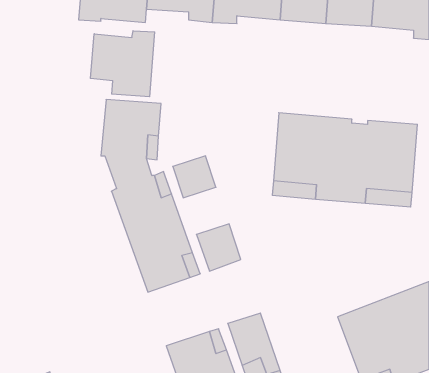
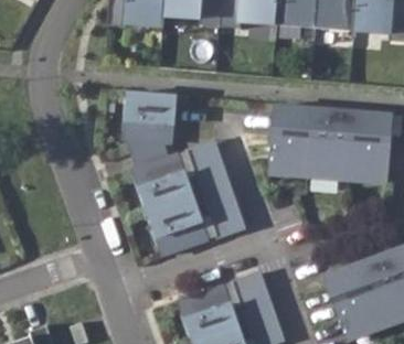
building: [90,31,155,97] -> none
building: none -> [194,166,233,206]

